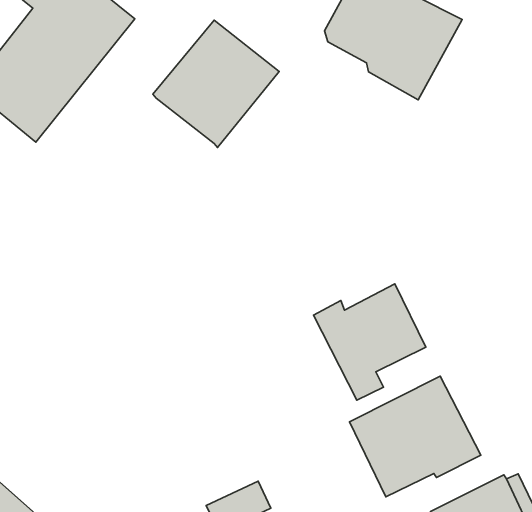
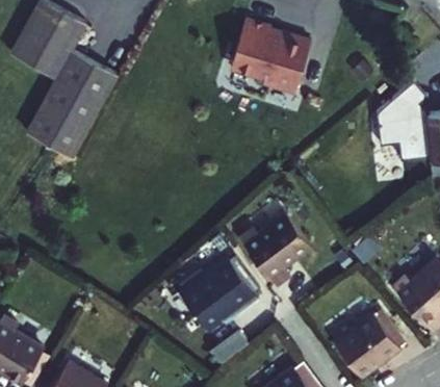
building: [153,20,279,148] -> none
building: [350,376,481,497] -> [185,249,266,326]

